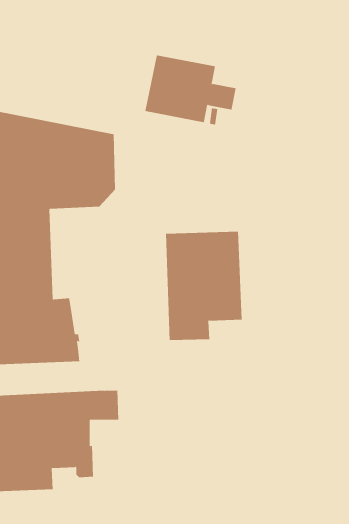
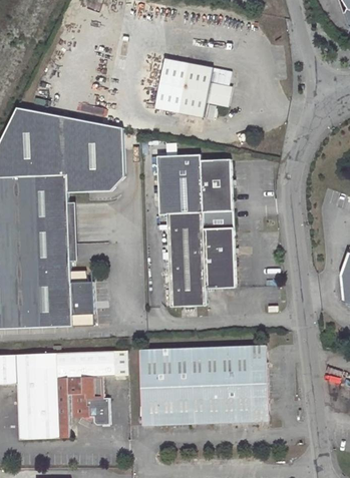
building: none -> [159,153,233,213]
building: none -> [139,344,270,423]

